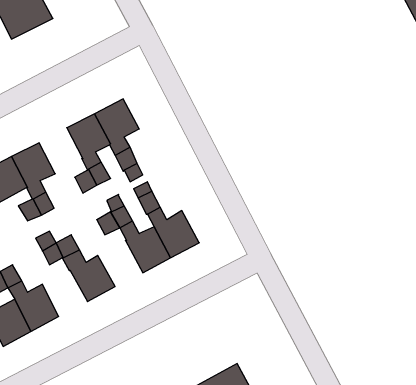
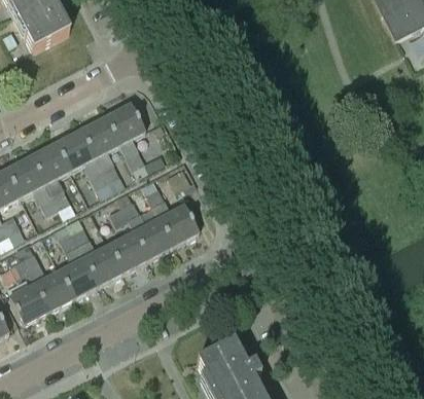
building: none -> [57,129,96,170]
building: none -> [109,229,149,270]
building: none -> [60,256,100,297]

